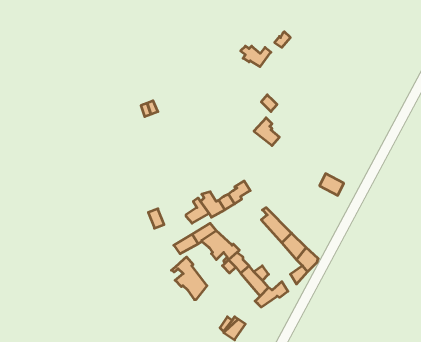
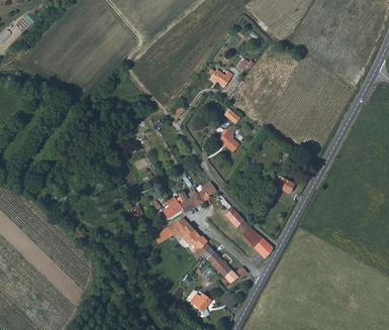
building: [171,257,207,300] -> none

